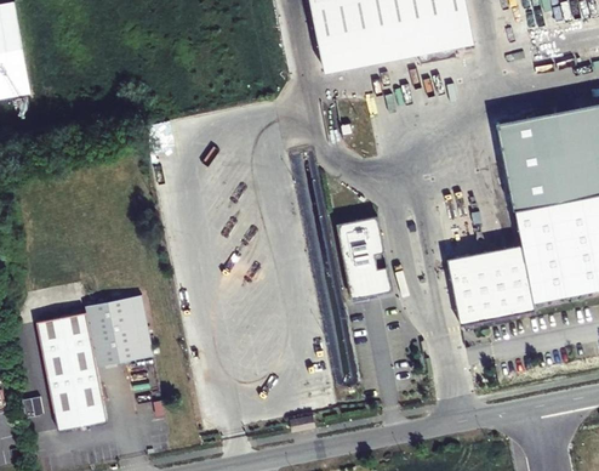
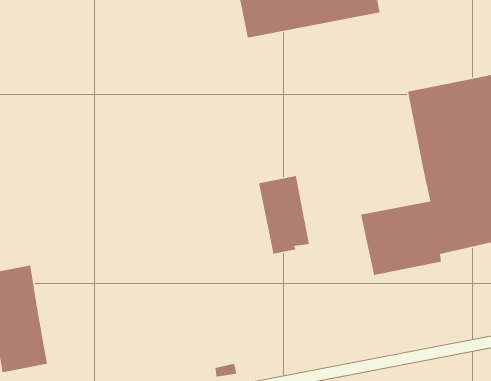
building: [89,297,153,367] -> none

